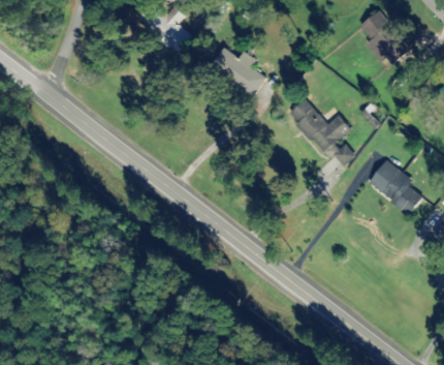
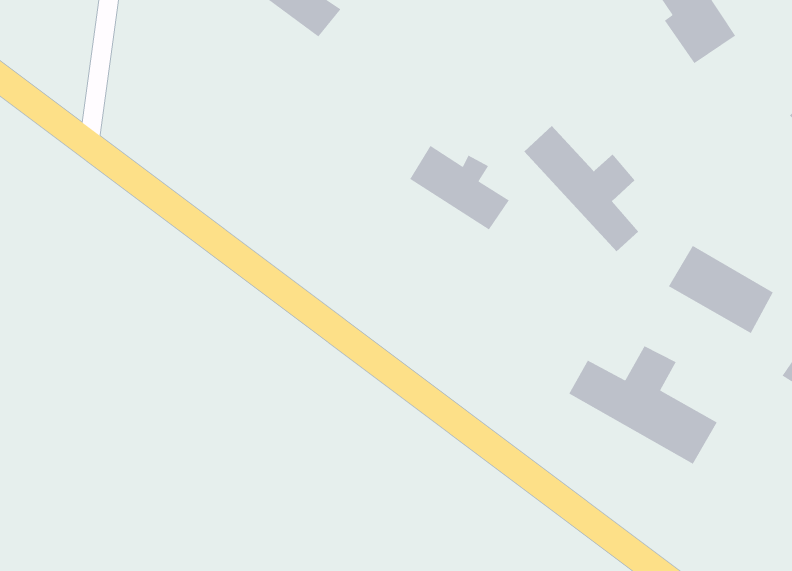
building: [210,45,264,92] -> [409,145,510,230]
building: none -> [568,345,718,465]

